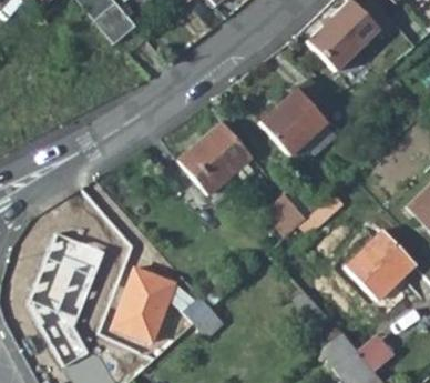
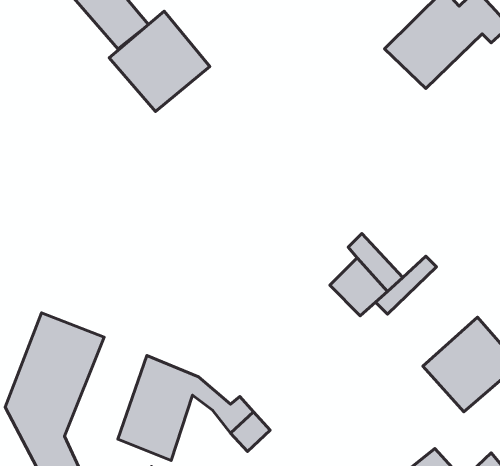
building: none -> [109,11,210,111]
building: [259,78,337,157] -> none
building: [180,122,254,194] -> none

